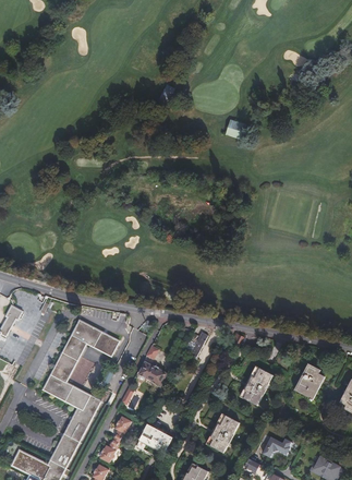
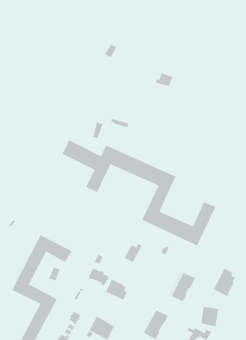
building: none -> [62,139,216,246]
building: none -> [105,278,128,301]
building: none -> [201,306,219,327]

